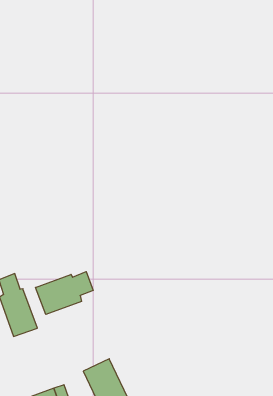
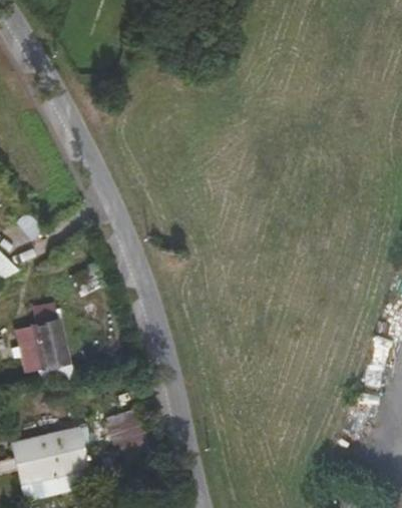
building: [36,272,93,314] -> none

